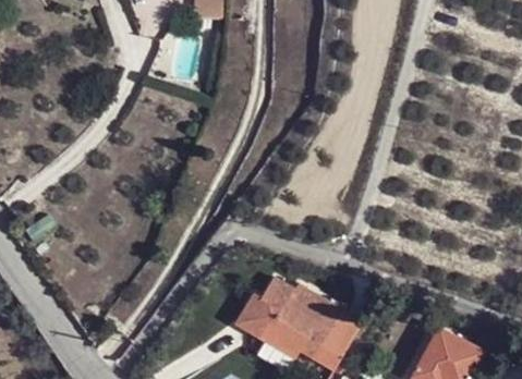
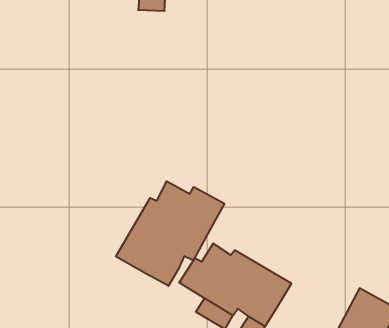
building: none -> [116,181,224,286]

